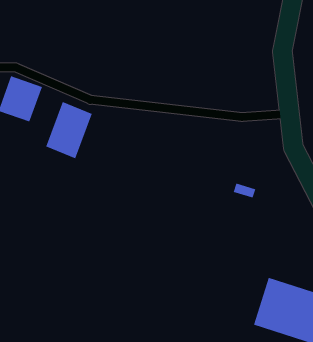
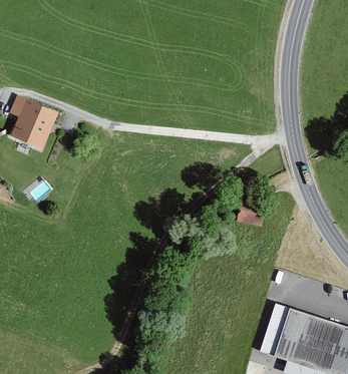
building: [45,101,93,159] -> none

